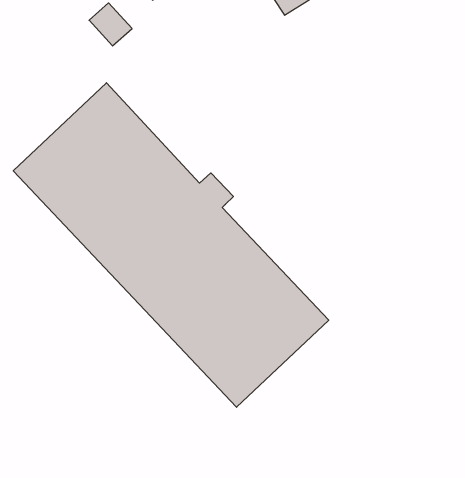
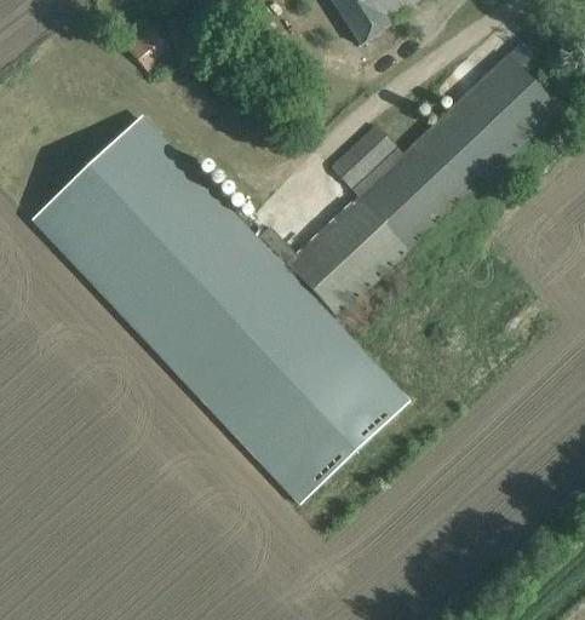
building: none -> [286,41,557,315]

